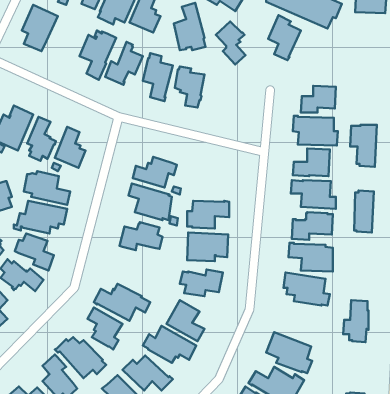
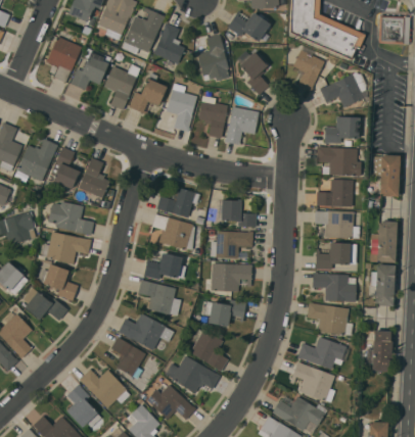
building: none -> [70,48,117,90]
building: none -> [319,71,368,107]
building: none -> [224,106,259,145]
building: none -> [221,199,257,227]
building: none -> [370,264,396,306]
building: none -> [138,280,180,314]
building: none -> [297,336,351,370]

